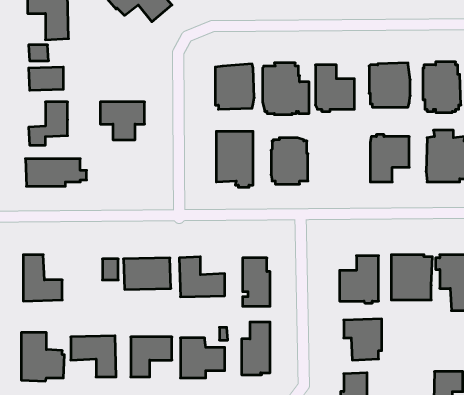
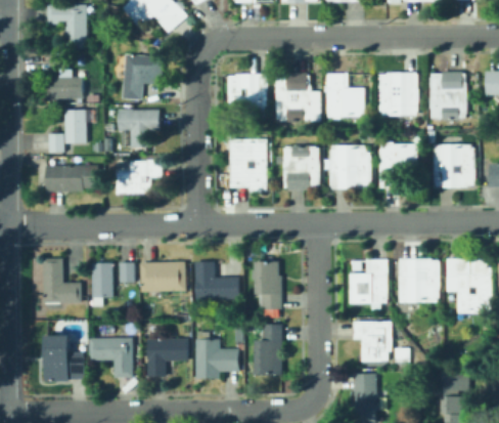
building: none -> [122,53,164,99]
building: none -> [330,145,371,188]
building: none -> [117,155,162,193]
building: none -> [91,262,114,302]

